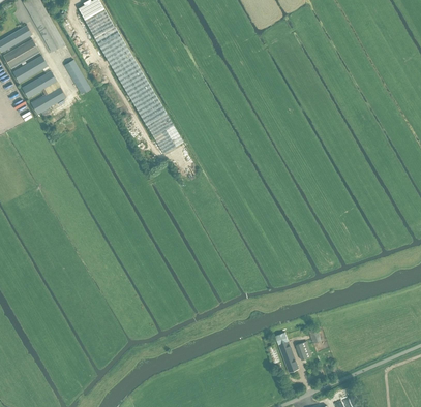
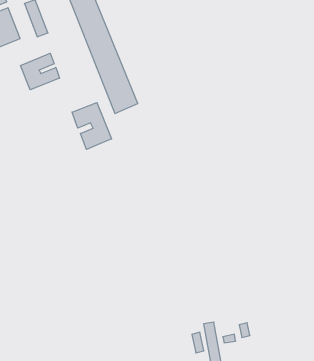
building: none -> [20,53,60,90]
building: none -> [72,103,112,149]

